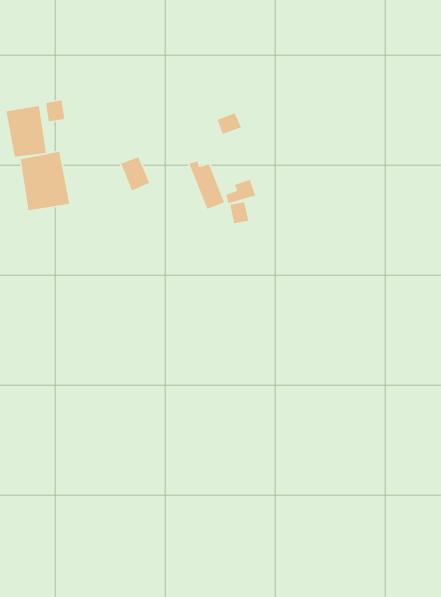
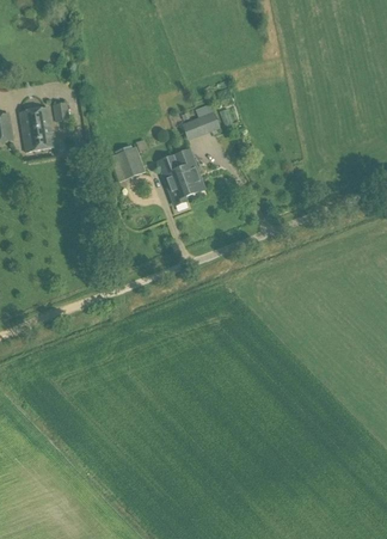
building: [20,151,70,211] -> none
building: none -> [158,154,186,204]

